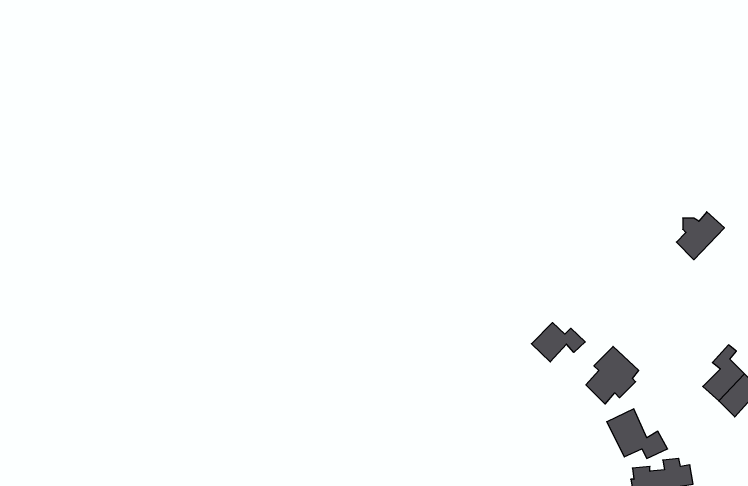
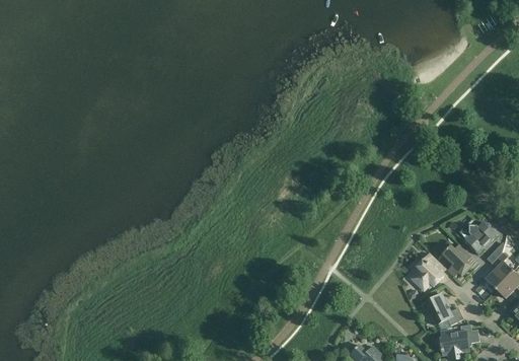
building: [676,212,724,260] -> [464,221,495,251]
building: [531,323,585,362] -> none
building: none -> [443,243,471,276]

